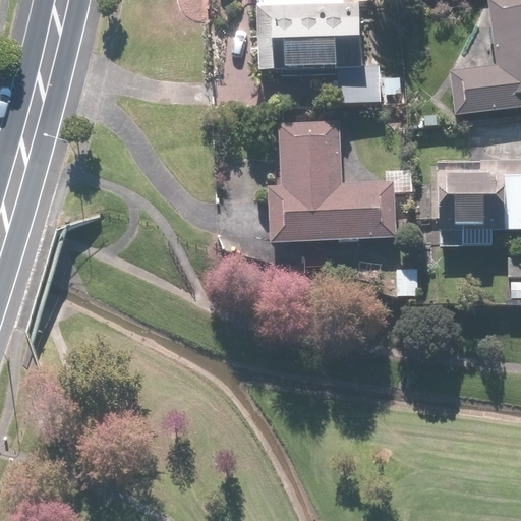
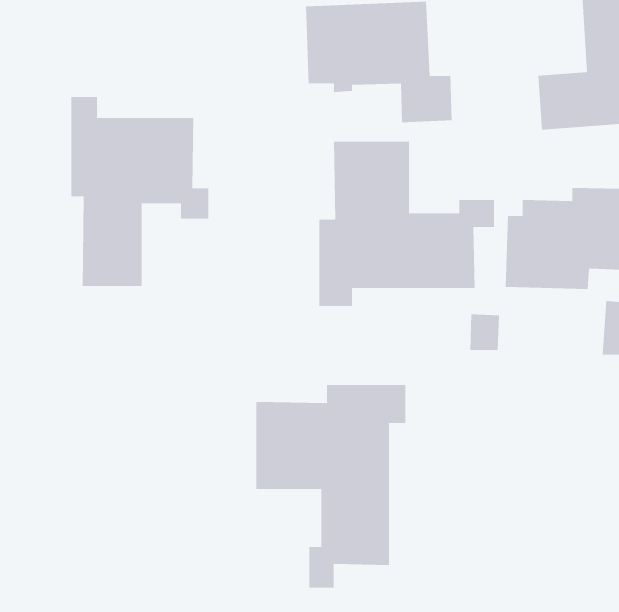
building: none -> [71,96,209,287]
building: none -> [256,384,406,588]

